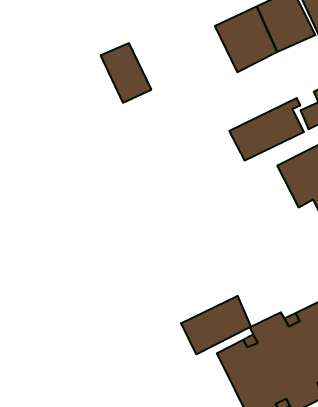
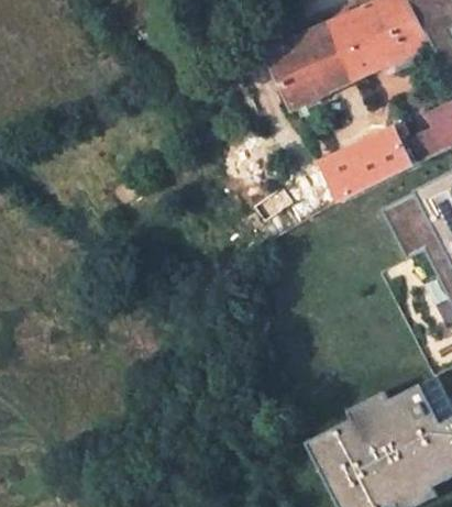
building: [101,43,151,103] -> [268,34,331,108]
building: [181,296,251,354] -> none

